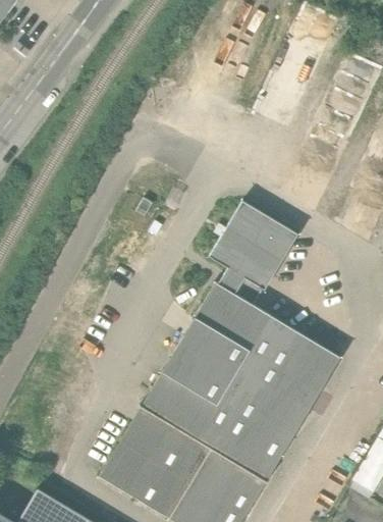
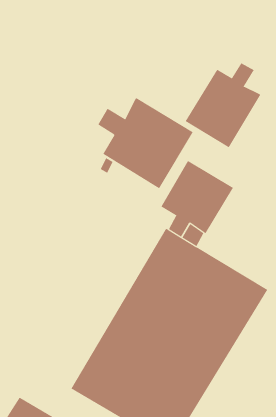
building: none -> [185,62,261,148]
building: none -> [98,97,194,189]

